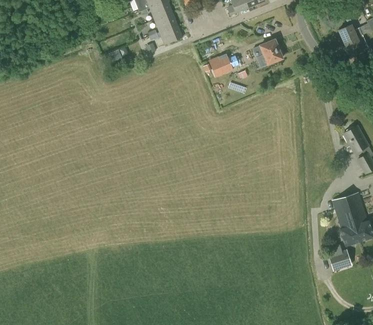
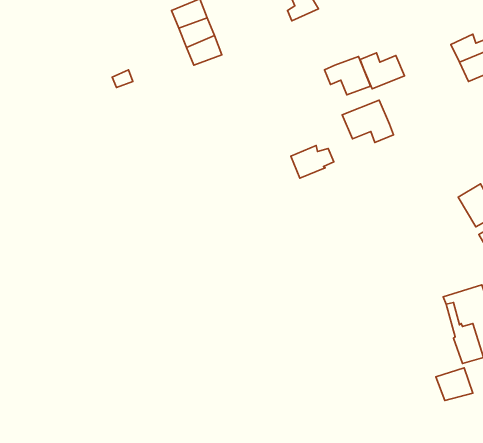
building: none -> [360,53,405,89]
building: [209,54,238,76] -> [291,146,334,178]
building: none -> [342,100,394,142]

